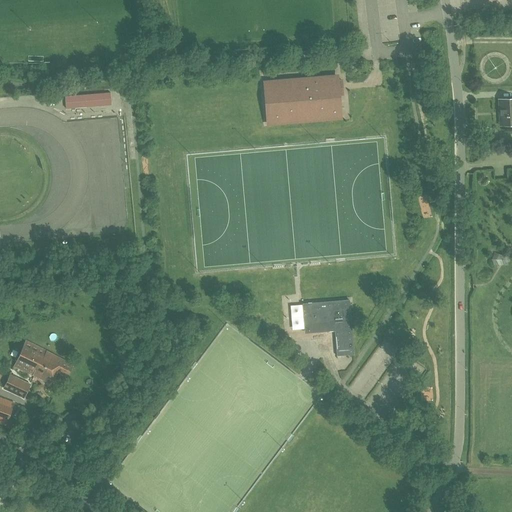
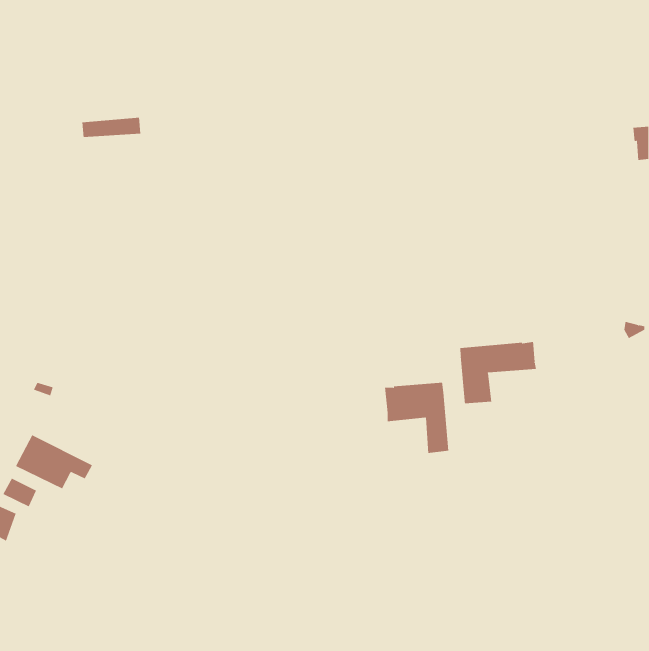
building: [269,77,339,122] -> none
building: none -> [460,341,537,404]

